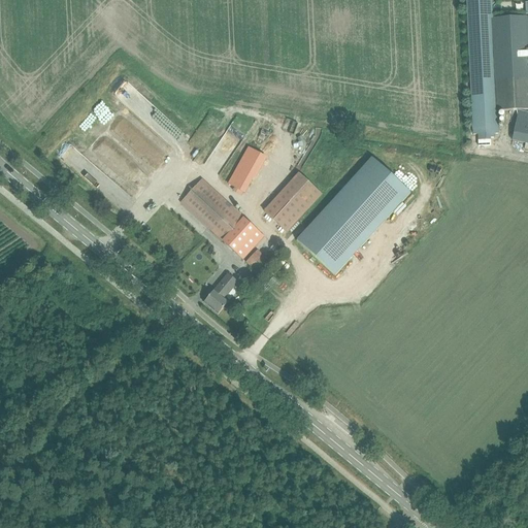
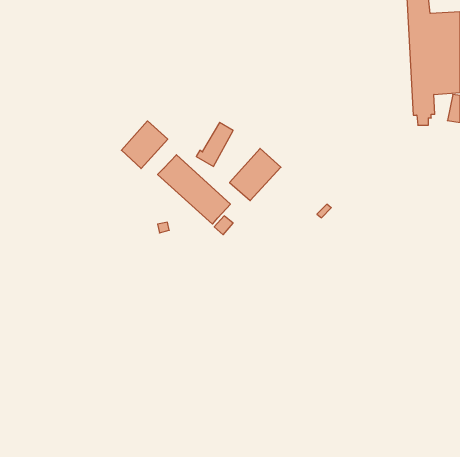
building: none -> [121,121,168,169]
building: [296,155,410,273] -> none
building: [204,271,238,311] -> none

